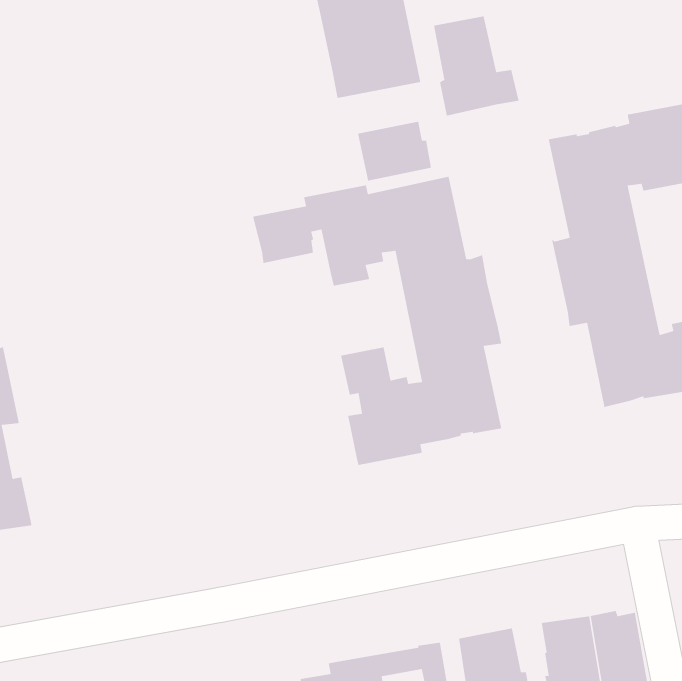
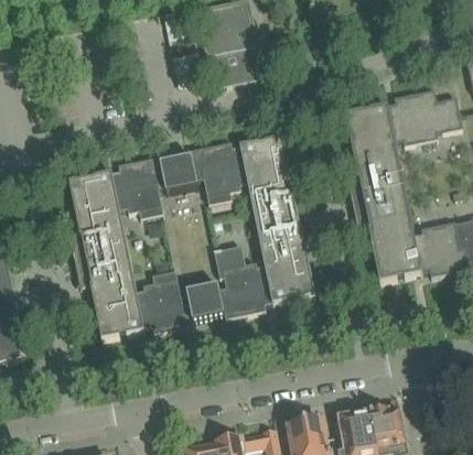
building: [433,15,519,117] -> none
building: [357,121,432,182] -> none
building: none -> [68,156,224,338]

